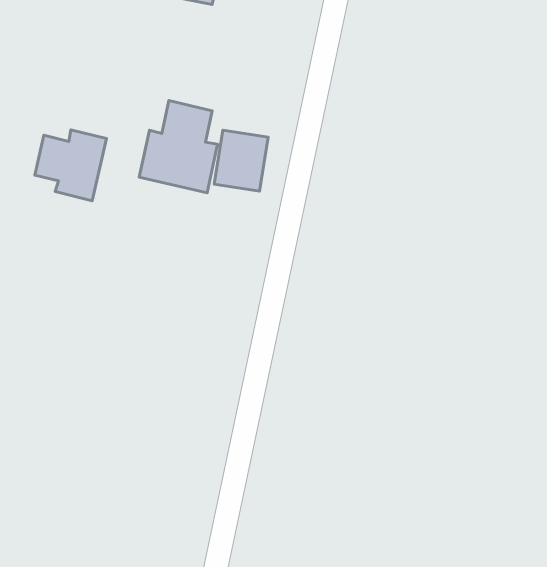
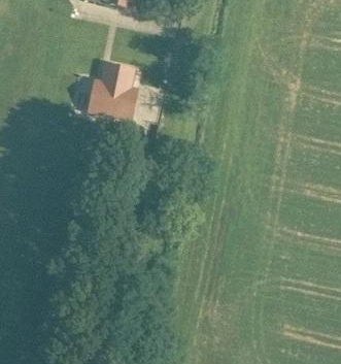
building: [35,130,106,201] -> none

